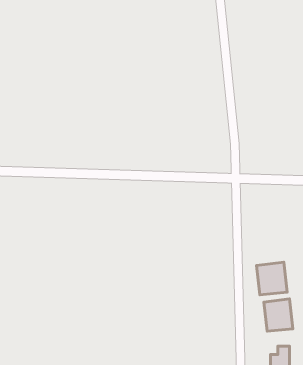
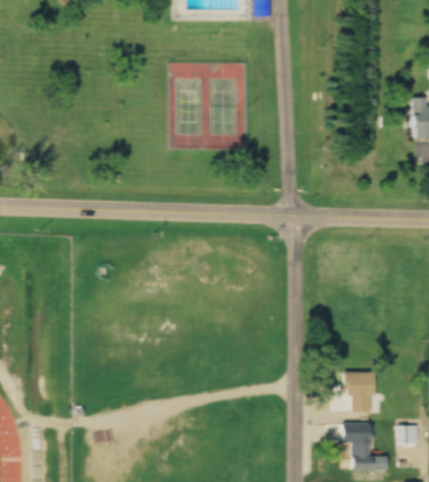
building: [257,262,287,295] -> none

